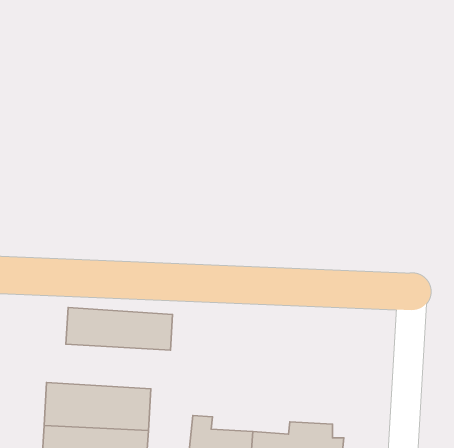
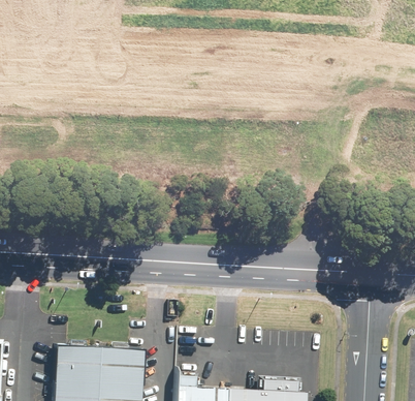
building: [66,307,173,350] -> none

